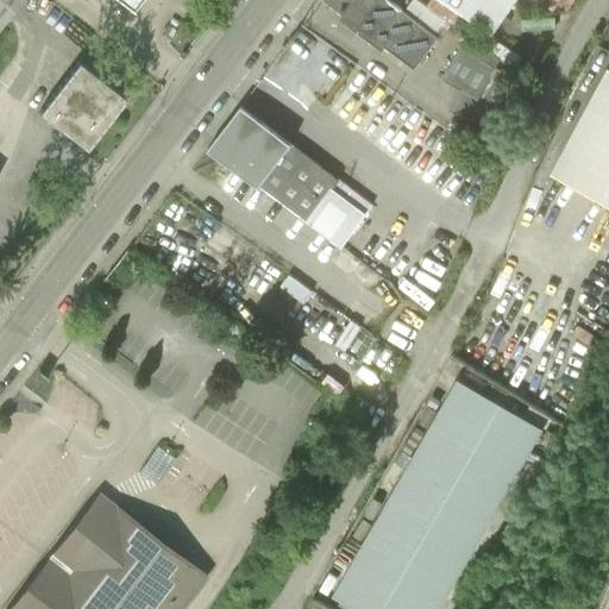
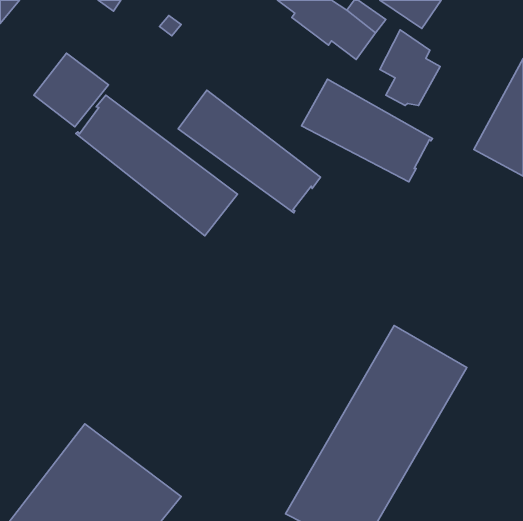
building: none -> [302,79,432,182]
building: none -> [76,95,237,236]

